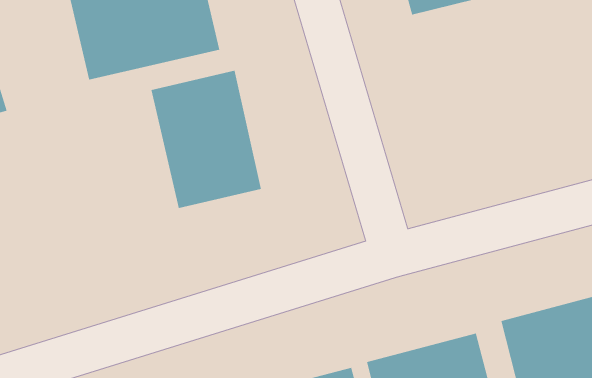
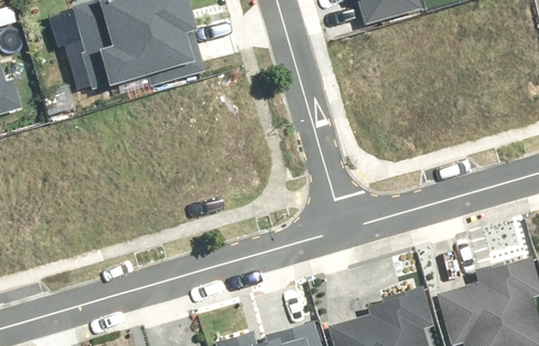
building: [151,70,262,209] -> none

